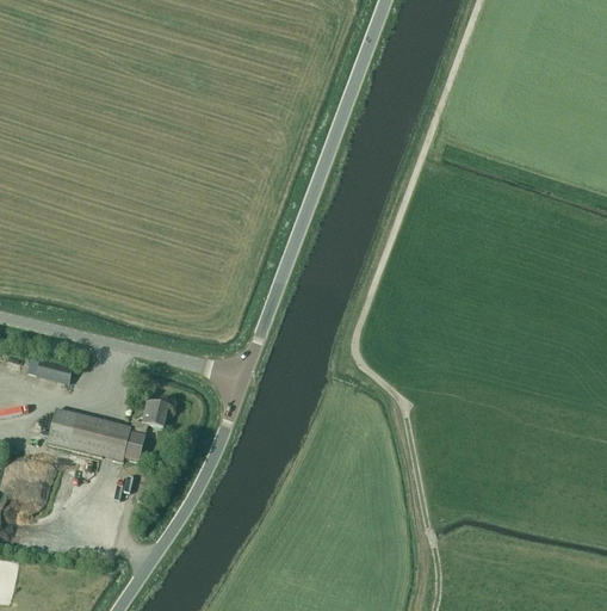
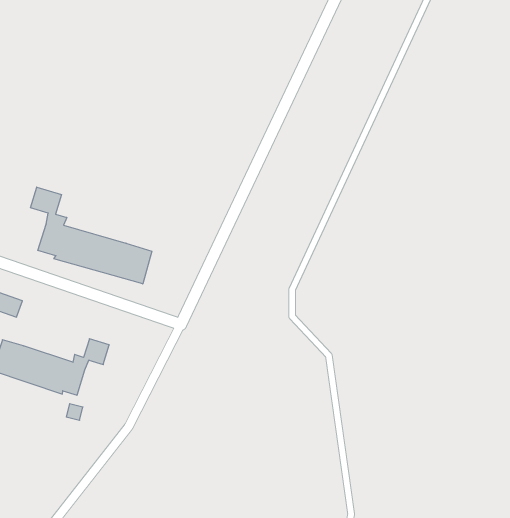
building: none -> [30,187,152,284]

